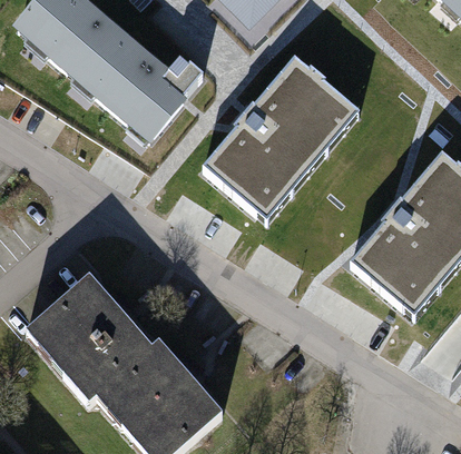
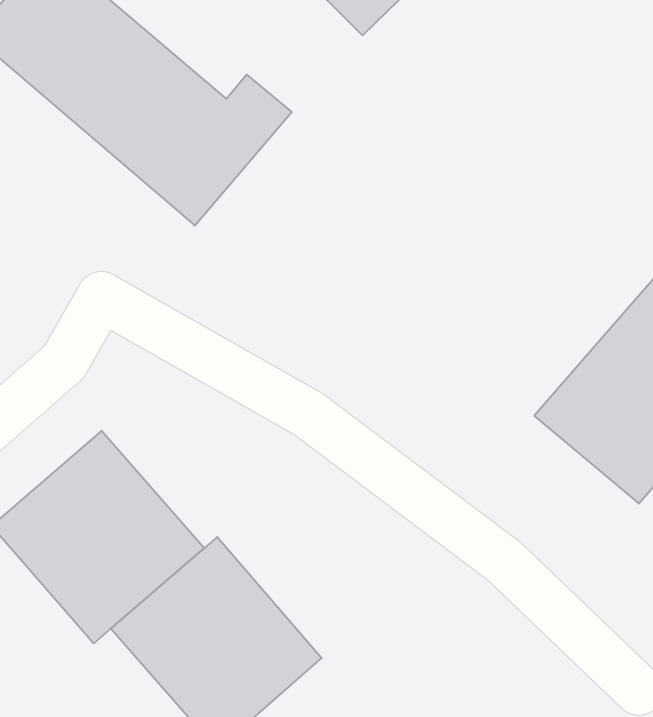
building: [193,58,366,221] -> none

